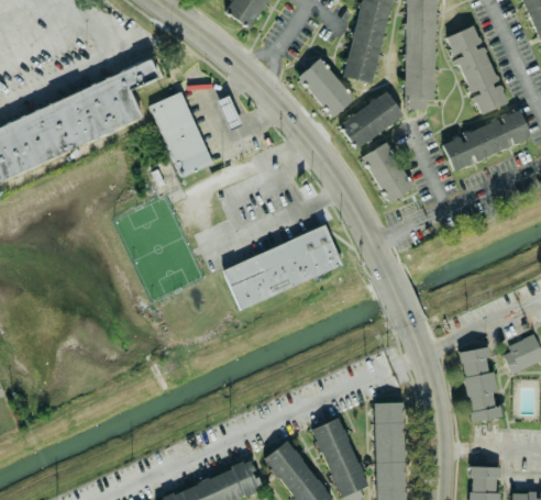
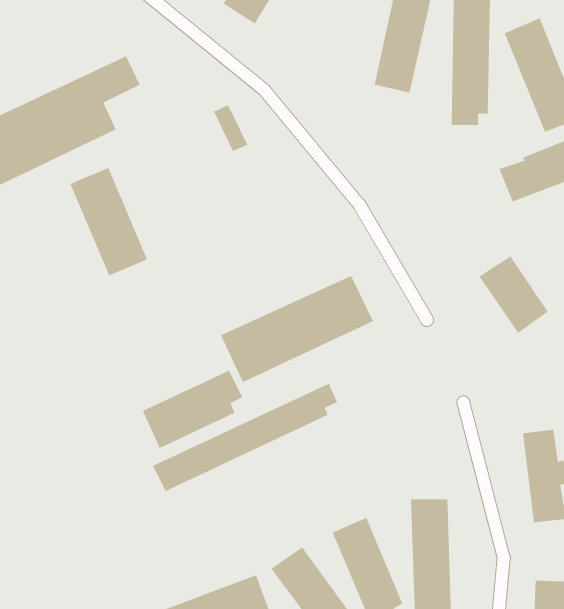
building: [297,57,354,118] -> none
building: [151,90,212,176] -> [70,167,148,276]
building: [338,91,404,148] -> none
building: [360,142,415,203] -> [479,256,549,334]
building: none -> [142,370,243,449]
building: none -> [152,383,338,492]

